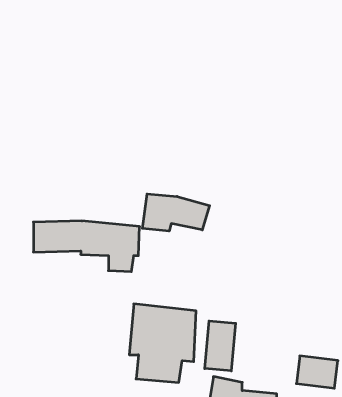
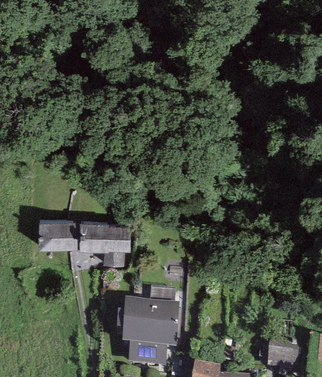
building: [142,194,210,231] -> none
building: [205,321,236,371] -> none

